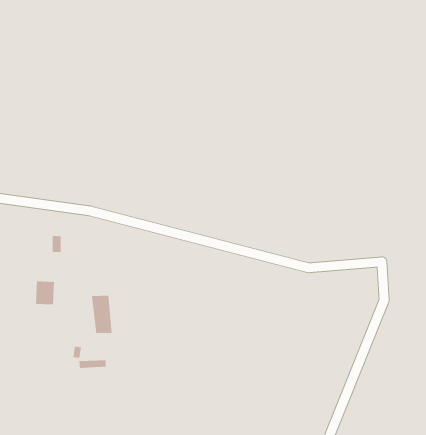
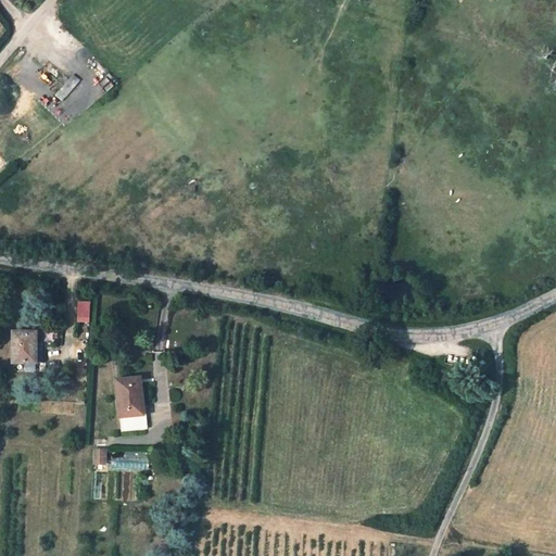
building: [35,281,55,305] -> [13,331,38,362]

